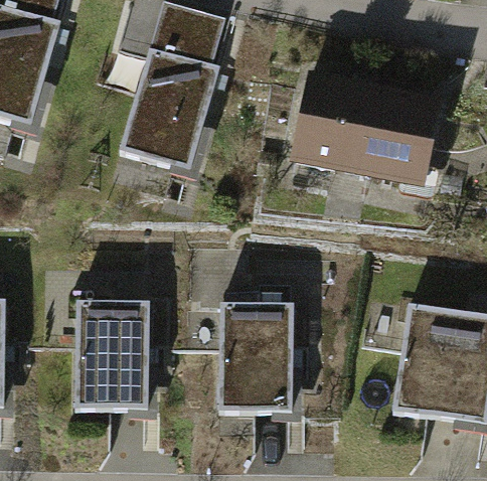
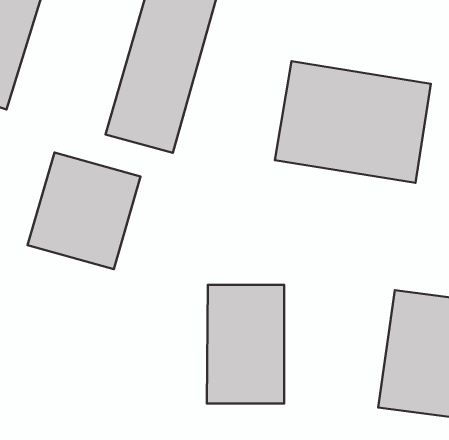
building: none -> [28,152,140,269]
building: [75,292,151,408] -> none

